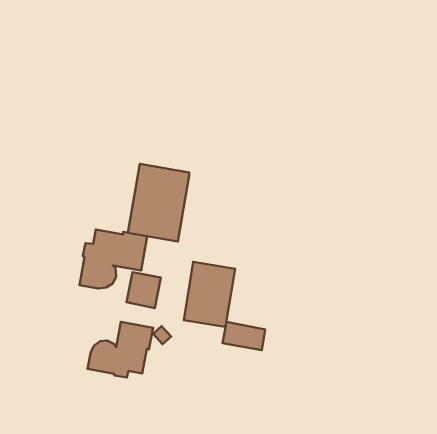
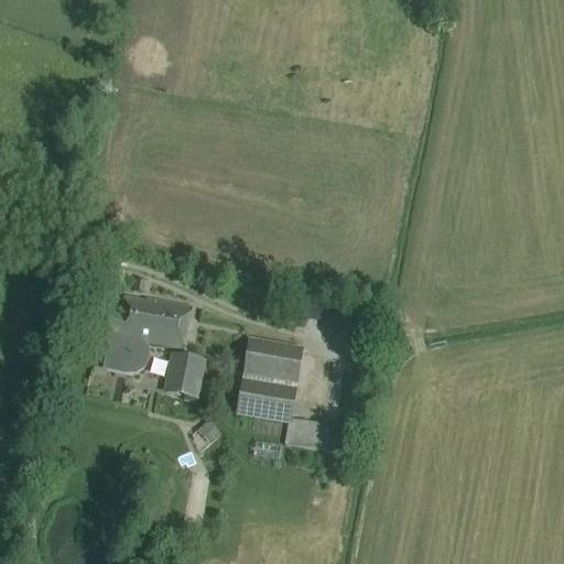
building: [128,164,189,242] -> none
building: [88,322,153,378] -> none

